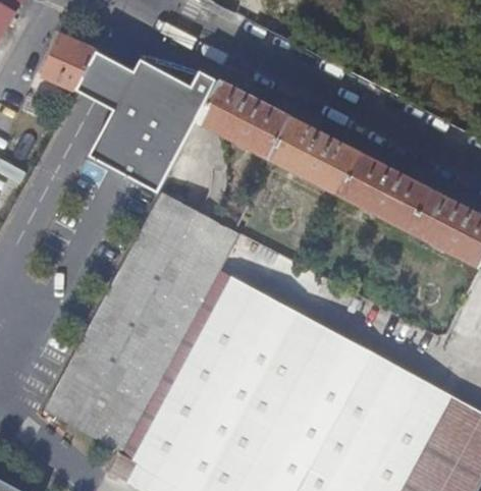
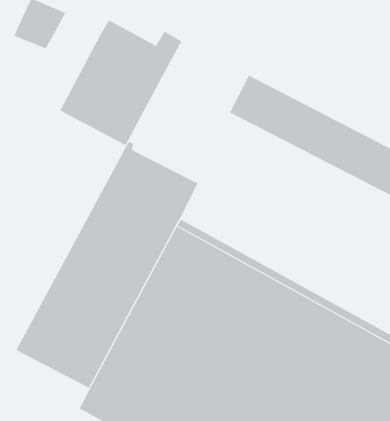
building: [77,52,137,110] -> none
building: [201,83,292,158] -> none

